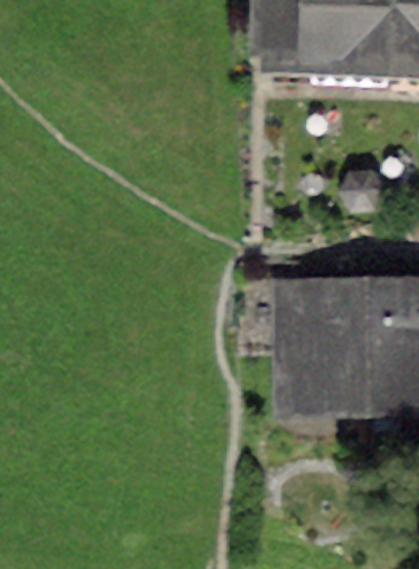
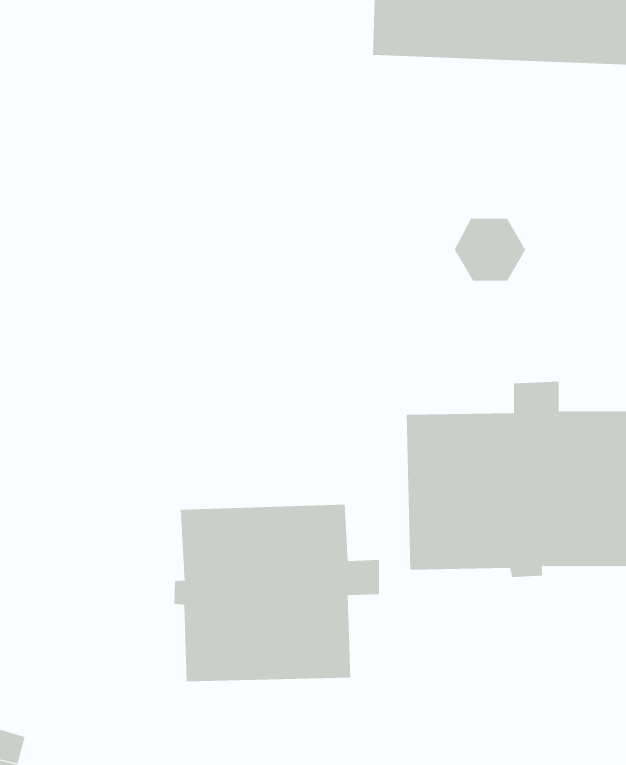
building: none -> [174,504,380,682]

